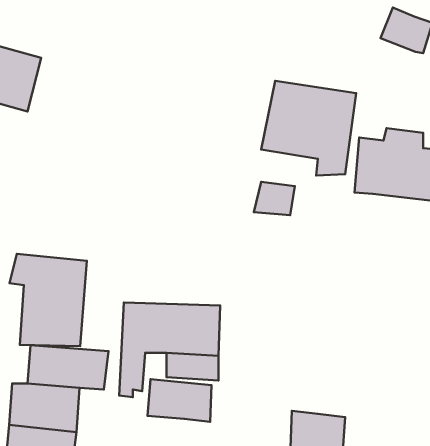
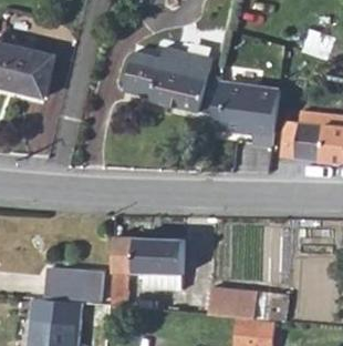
building: none -> [125,49,210,112]
building: [10,254,87,346] -> none
building: [147,379,212,422] -> [208,287,254,318]

